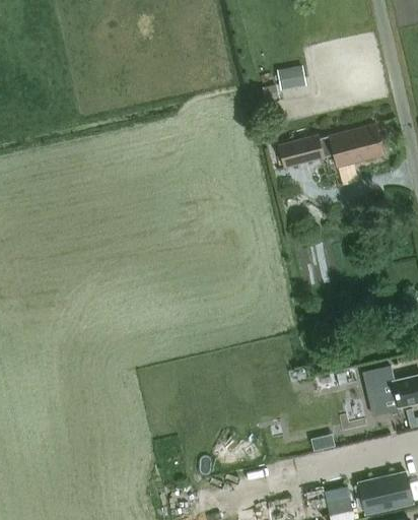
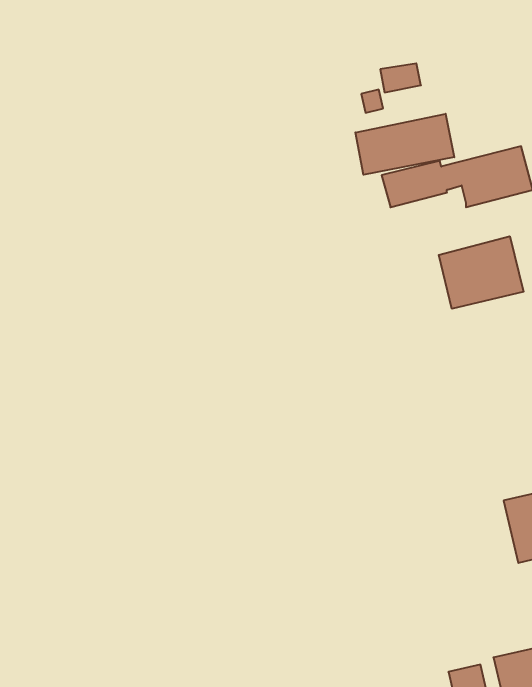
building: none -> [355,114,454,175]
building: none -> [439,236,524,309]

